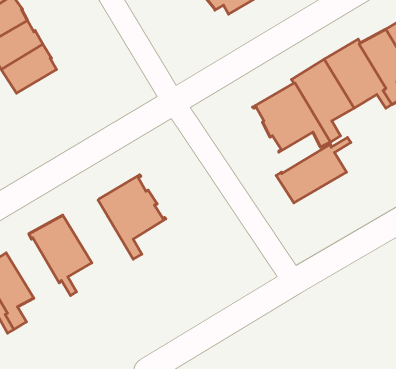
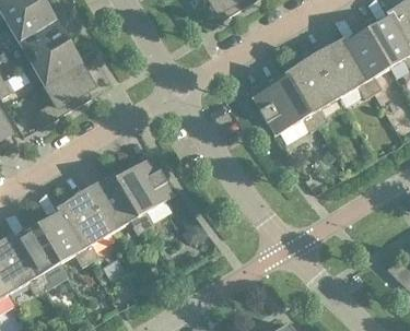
building: none -> [34,63,93,126]
building: [276,137,351,203] -> none
building: none -> [84,173,145,234]
building: none -> [35,210,91,267]

